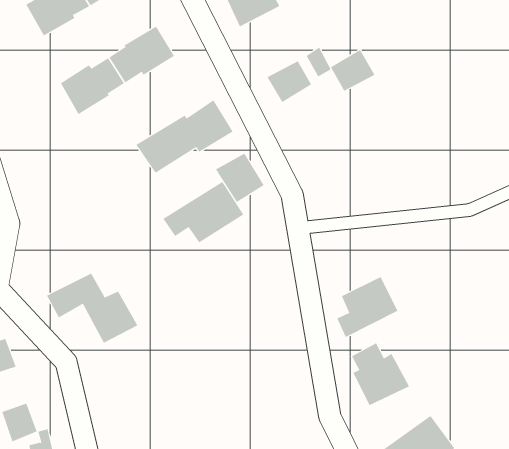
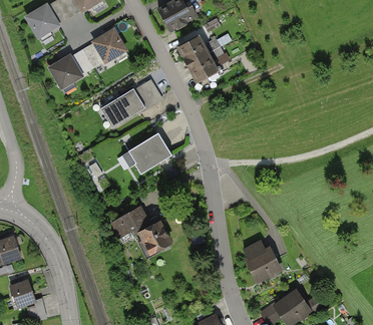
building: [330,49,375,91] -> [177,35,208,63]
building: [215,153,265,203] -> none
building: [46,273,138,344] -> [110,206,171,253]
building: [336,276,398,338] -> none

